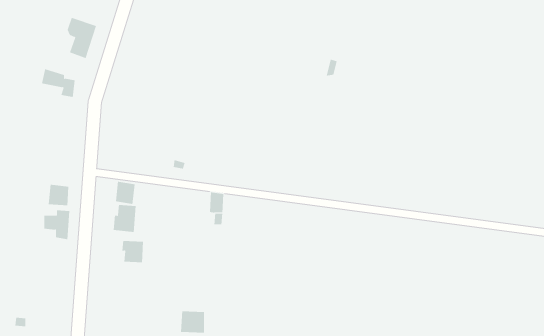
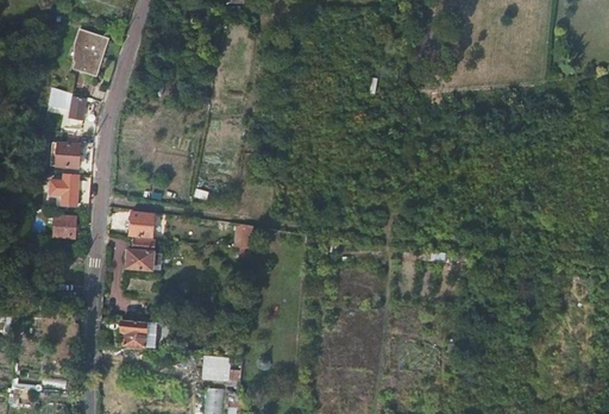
building: none -> [56,134,81,168]
building: [43,210,70,240] -> [49,175,79,208]
building: [121,240,144,263] -> [120,320,145,345]

